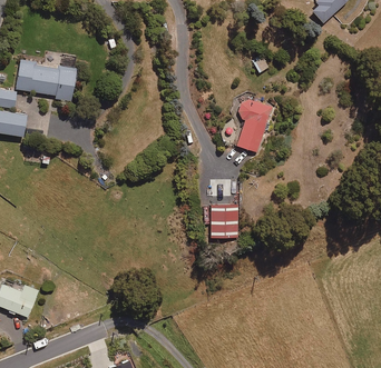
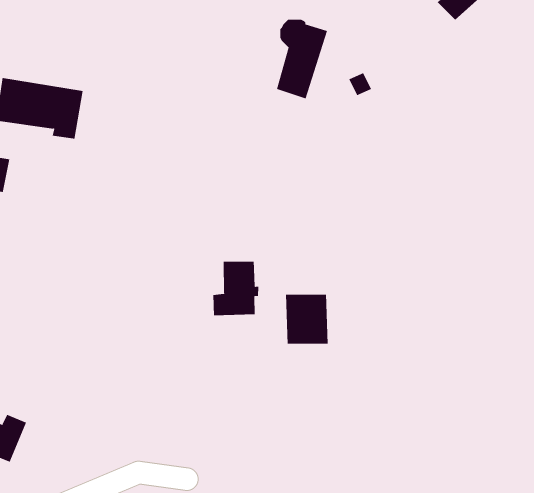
building: [236,99,271,152] -> [276,19,328,99]
building: none -> [213,261,259,316]

